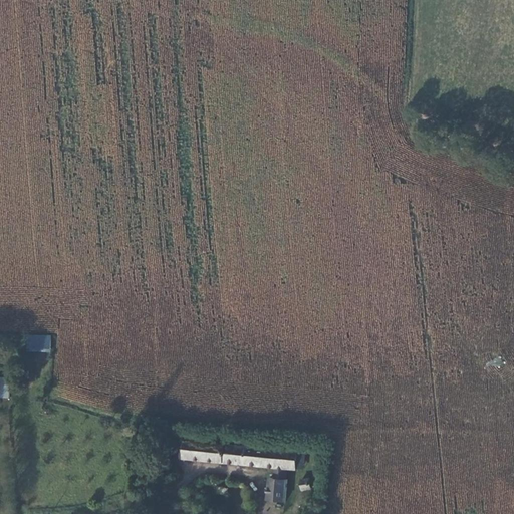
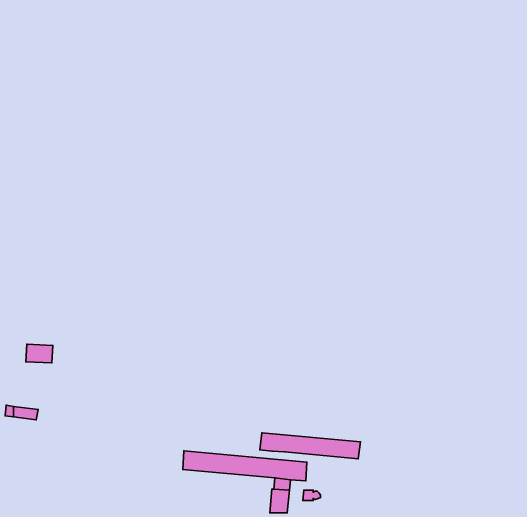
building: none -> [260,433,360,459]

